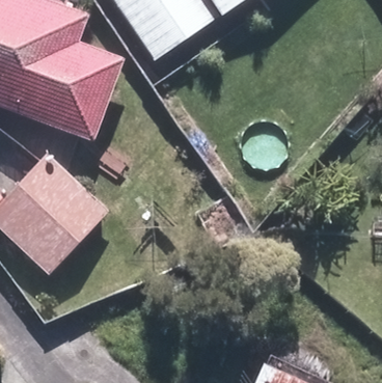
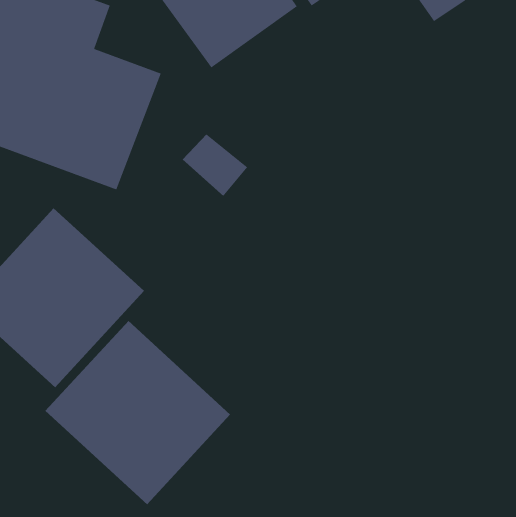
building: none -> [44,320,231,505]

